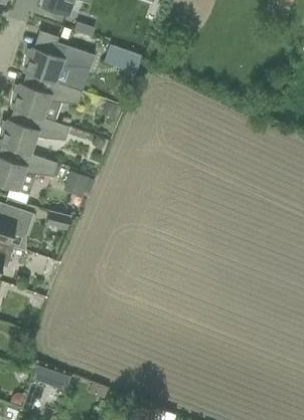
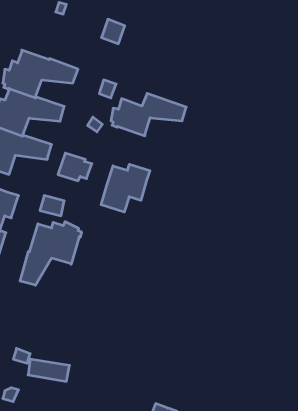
building: [22,42,94,82] -> [111,93,186,136]
building: none -> [101,164,150,212]
building: none -> [20,222,81,285]

